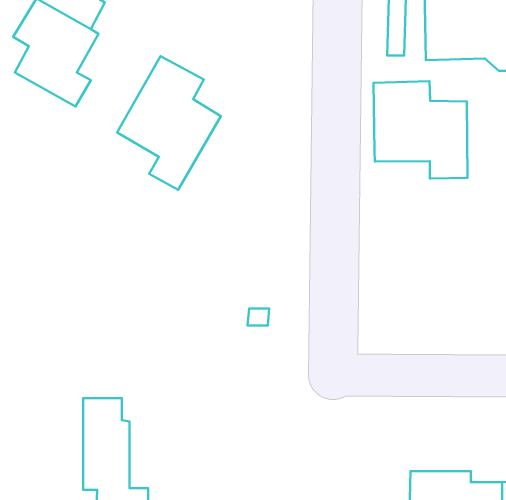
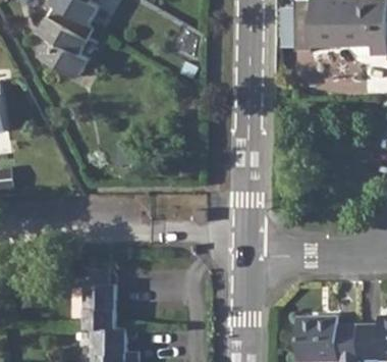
building: [117,56,221,190] -> none
building: [374,81,468,179] -> none

